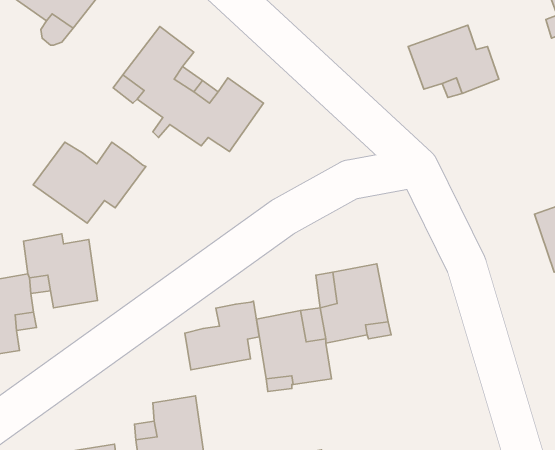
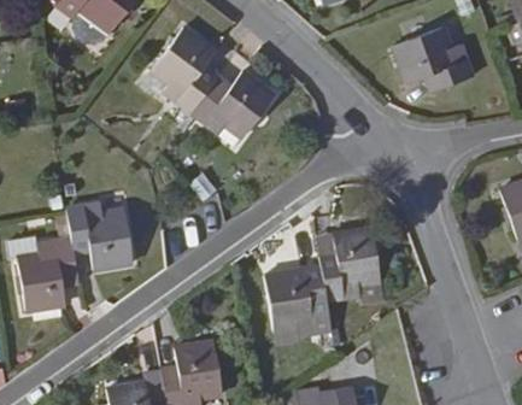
building: [33,142,146,223] -> none
building: [185,301,259,370] -> none

